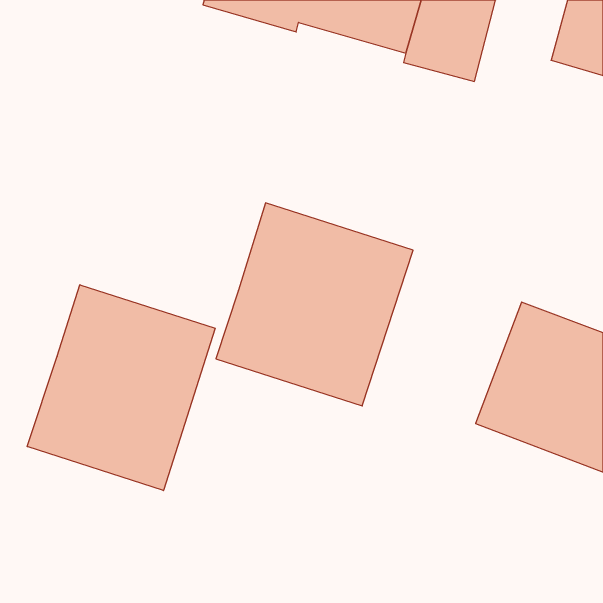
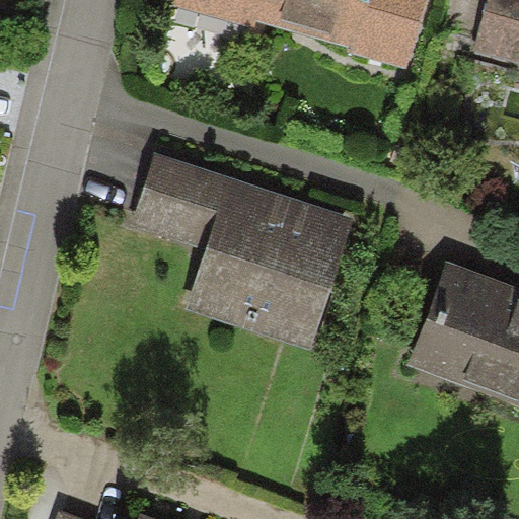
building: none -> [130,151,228,249]
building: [27,285,215,491] -> none

